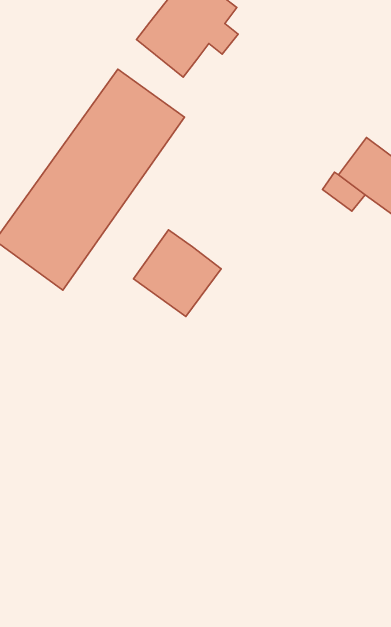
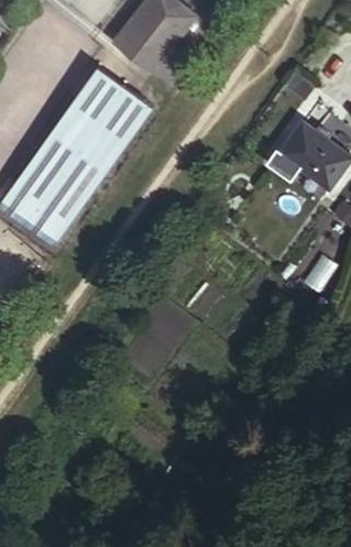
building: [134,230,221,316] -> none

